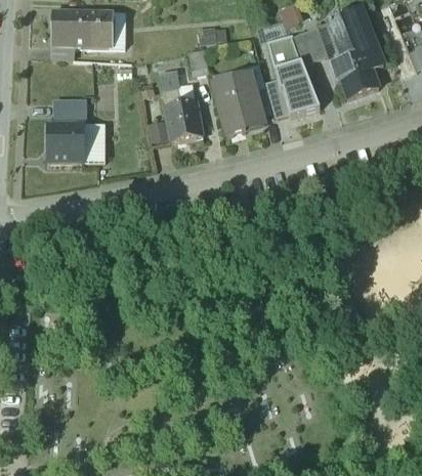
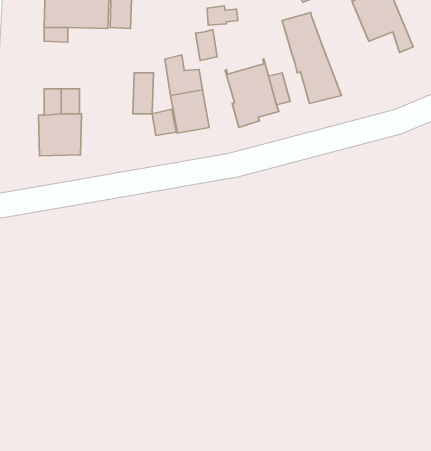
building: [293,27,330,64] -> none
building: [331,50,379,98] -> none
building: [264,78,290,116] -> none
building: [85,124,103,161] -> [133,73,153,114]

